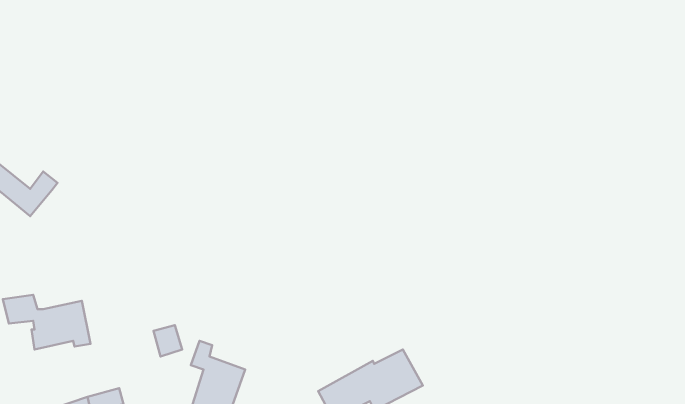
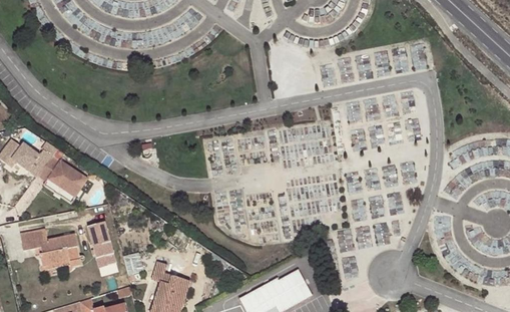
building: none -> [38,158,87,198]
building: none -> [87,223,115,269]

